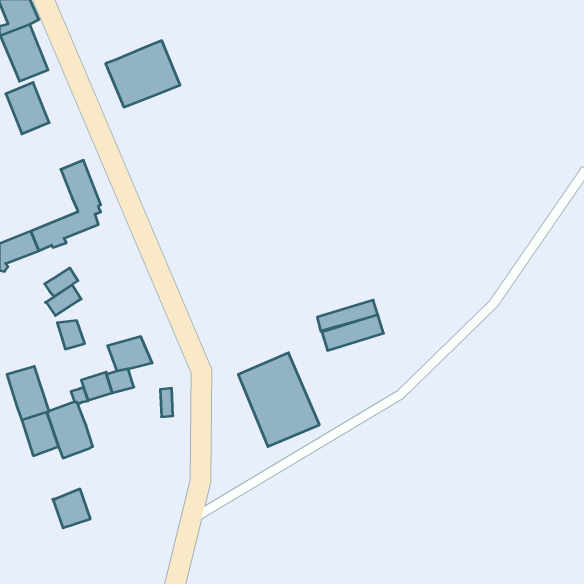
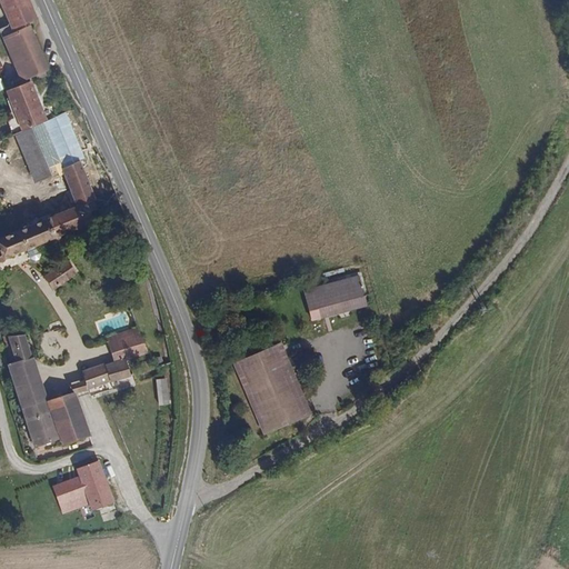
building: [106,41,180,107] -> [12,111,84,176]
building: [45,285,81,316] -> none
building: [322,315,384,350] -> [302,273,362,308]
building: [57,321,85,349] -> [7,333,33,361]
building: none -> [76,459,113,510]

